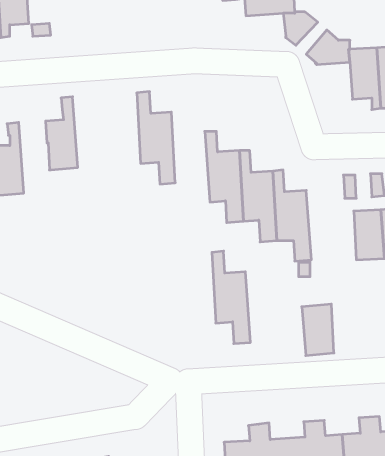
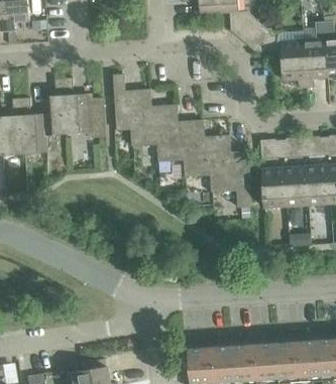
building: none -> [64,78,106,137]
building: none -> [21,97,47,153]
building: [212,251,250,344] -> [141,89,172,161]
building: [302,304,334,356] -> [261,167,287,208]

